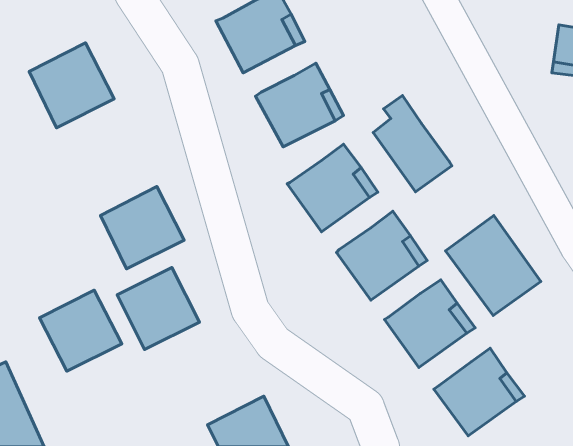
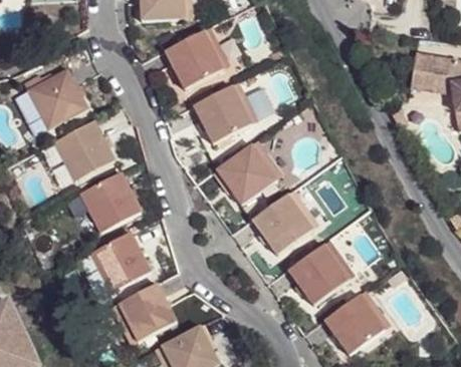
building: [373,96,452,192] -> none
building: none -> [53,119,116,181]
building: [445,215,541,316] -> none
building: [39,290,122,371] -> [118,282,178,341]

